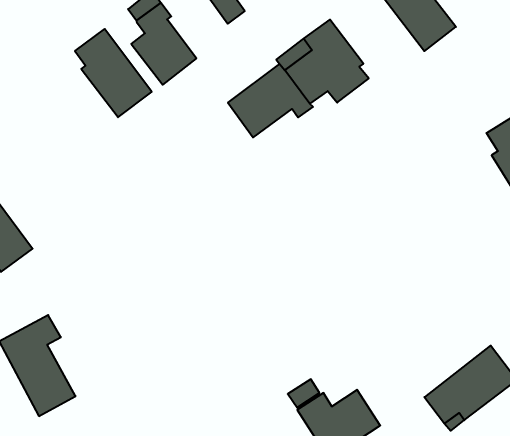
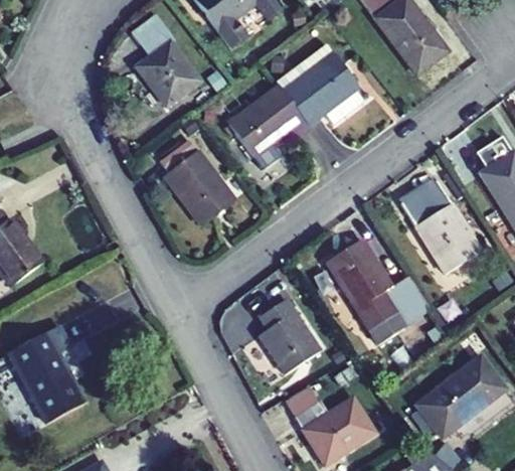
building: [75,29,152,117] -> [160,139,233,223]
building: none -> [401,181,481,274]
building: none -> [325,239,424,343]
building: none -> [259,299,320,373]

